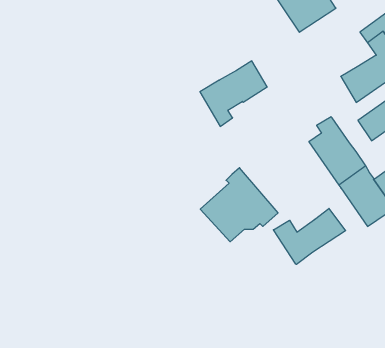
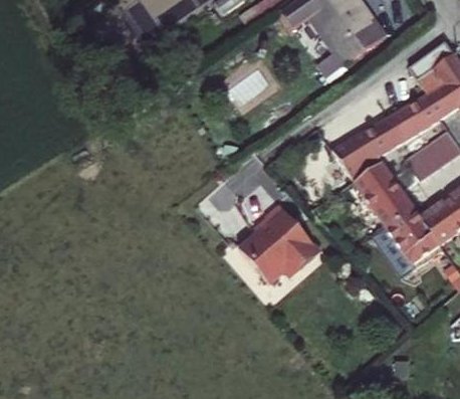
building: [200,61,267,126] -> [334,112,405,180]
building: [273,208,346,264] -> none

